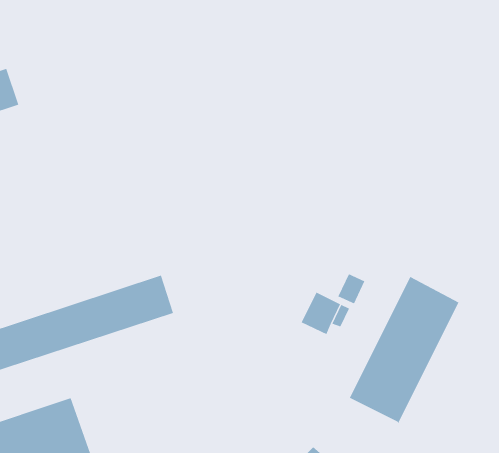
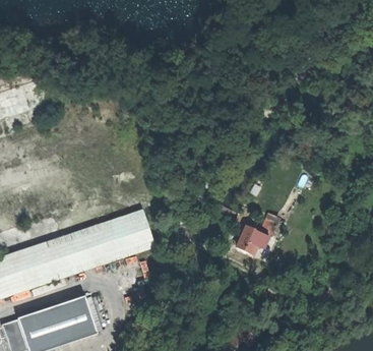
building: [349,276,459,424] -> none

